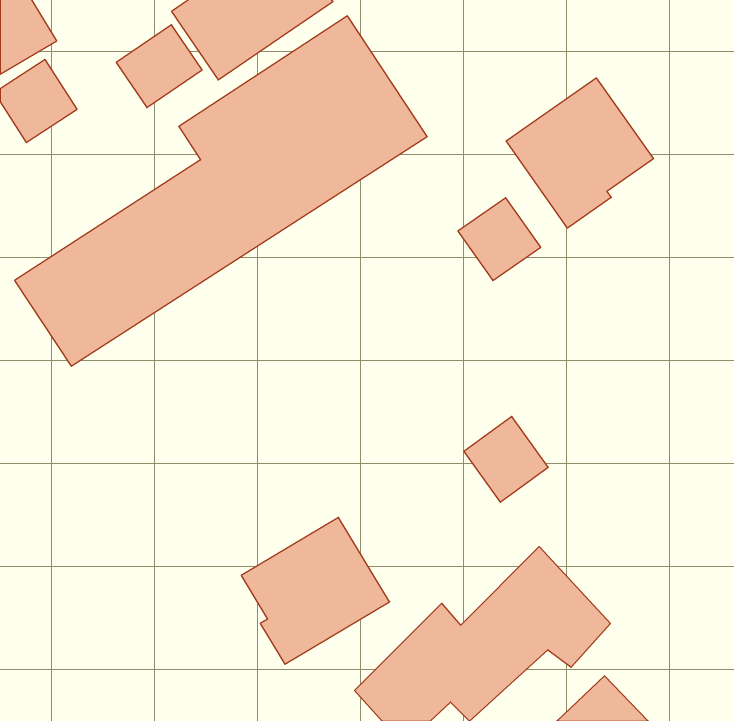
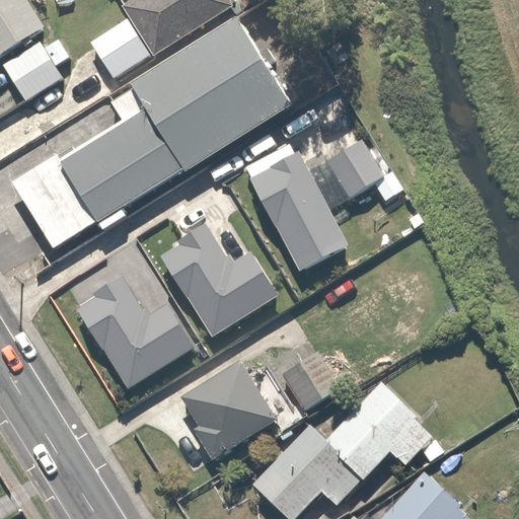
building: [506,78,653,228] -> none
building: none -> [242,149,349,274]
building: none -> [152,228,284,340]
building: none -> [68,278,195,392]
building: [464,416,548,502] -> [276,350,335,410]

